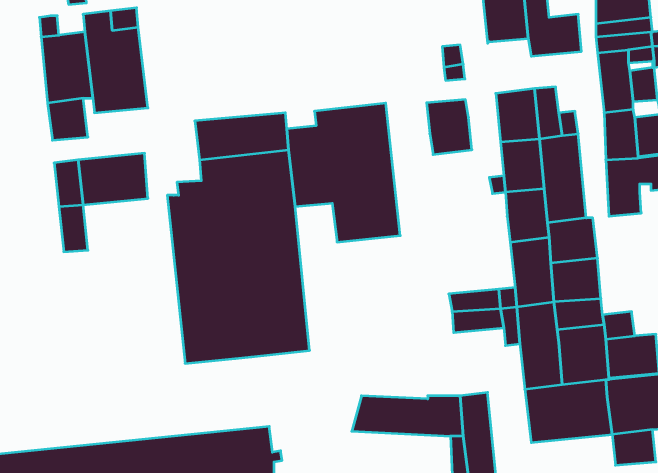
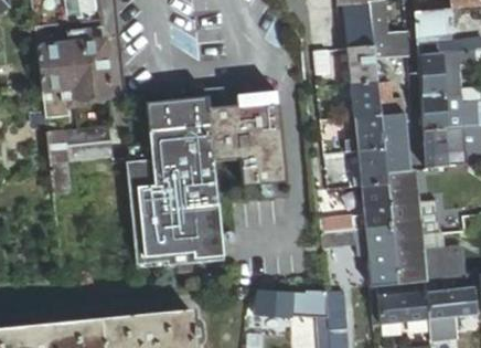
building: [427,100,472,155] -> [345,46,376,84]

